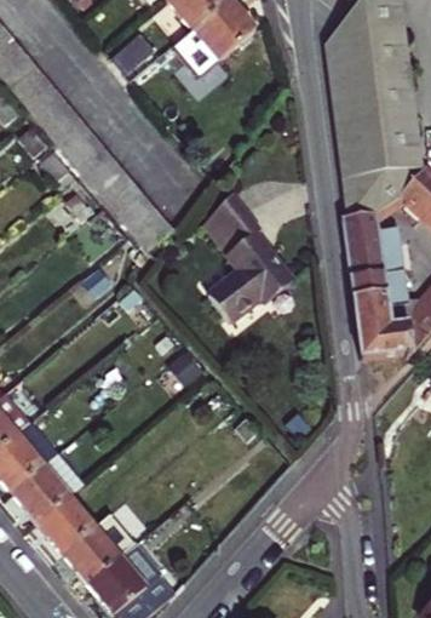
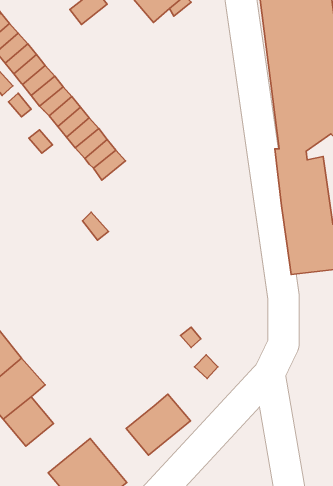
building: [203,193,292,321] -> none
building: [61,513,133,582] -> [126,394,191,455]

